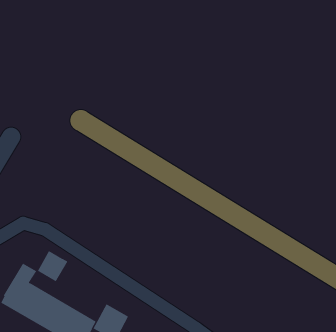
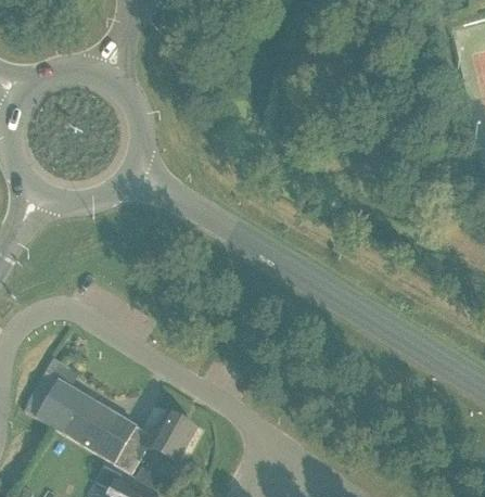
building: [37,250,68,282] -> none

